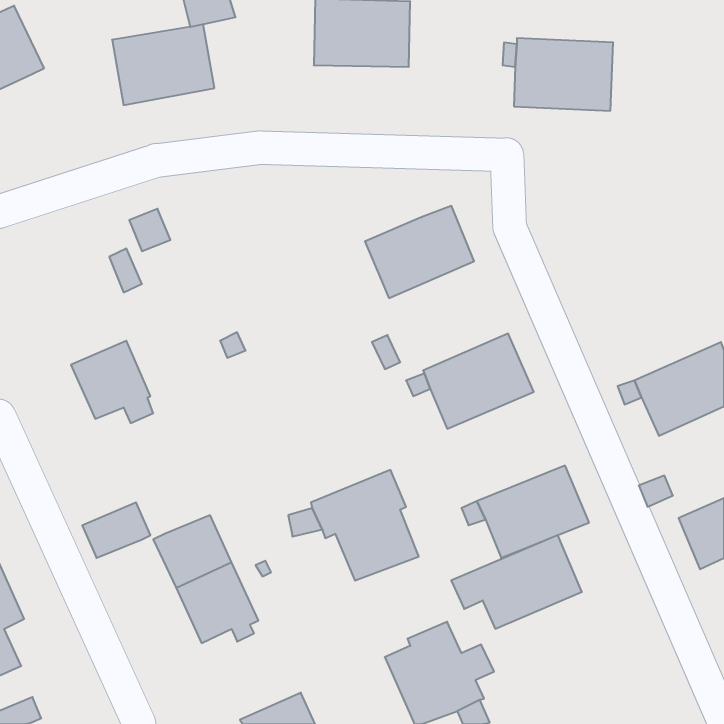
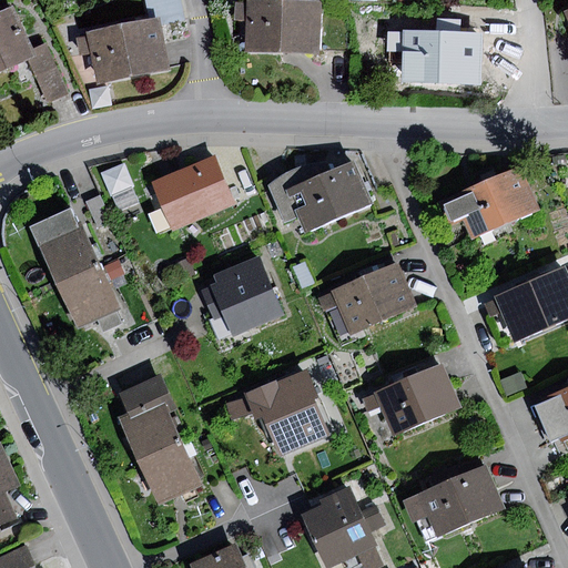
building: none -> [26,48,68,102]
building: none -> [151,156,232,229]
building: none -> [267,160,329,223]
building: none -> [436,164,539,241]
building: none -> [30,209,99,285]
building: none -> [202,255,285,338]
building: [82,503,150,558] -> [118,374,171,417]
building: [451,535,582,629] -> [402,465,504,538]

